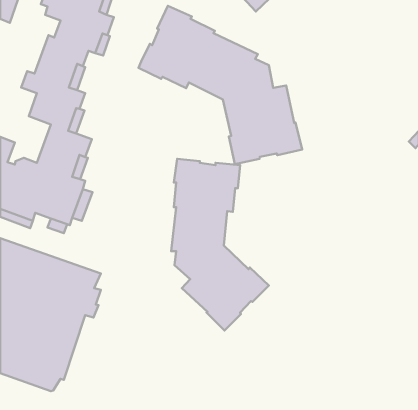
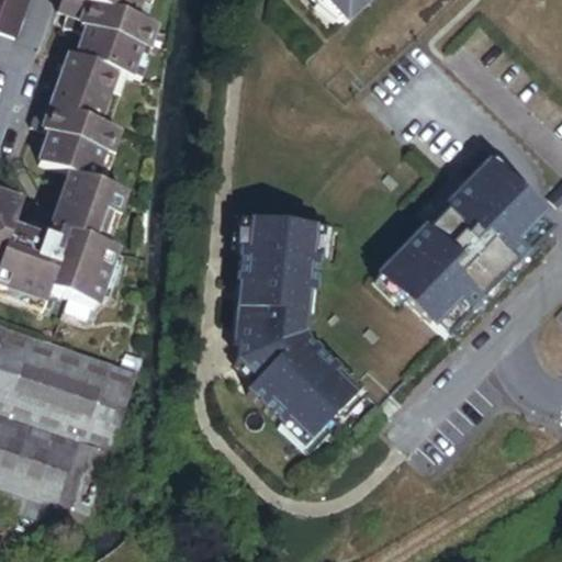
building: [138,6,302,164] -> none
building: none -> [374,155,552,333]

